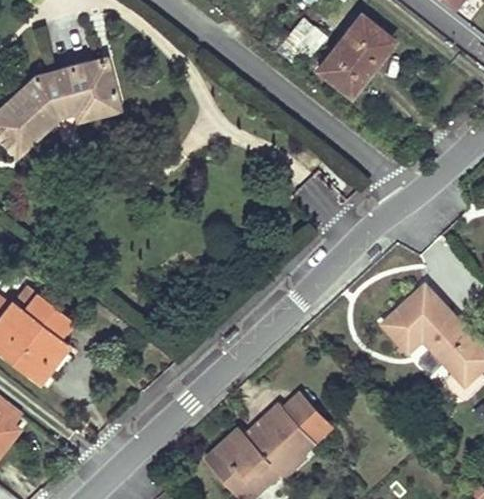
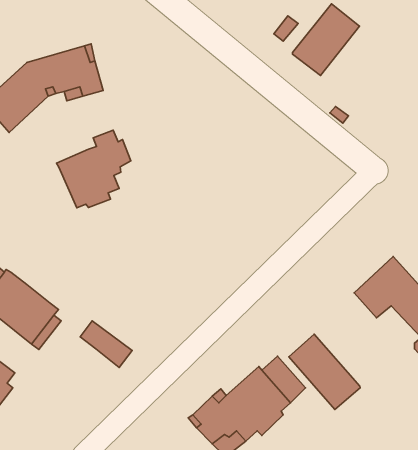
building: none -> [57,130,131,208]
building: [15,287,71,337] -> [80,321,132,367]
building: none -> [289,334,360,409]

